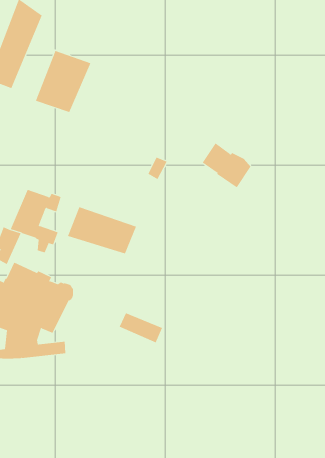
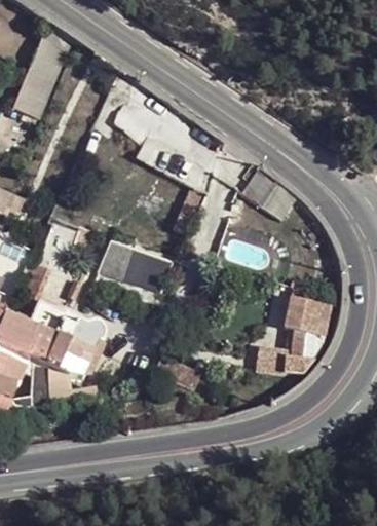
building: [35,50,91,113] -> none
building: none -> [254,283,329,375]

